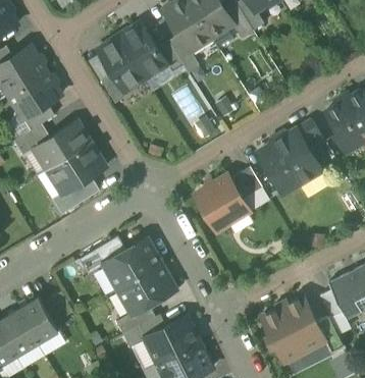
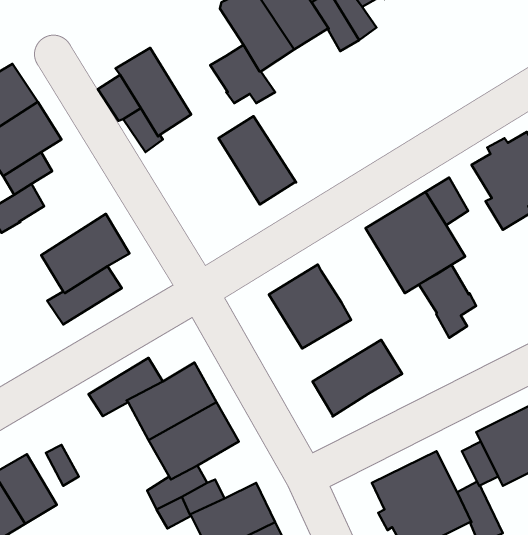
building: [118,22,168,79] -> [219,116,296,205]
building: [34,122,90,170] -> none
building: [228,167,262,201] -> none
building: none -> [419,265,476,338]
building: none -> [313,340,402,417]

